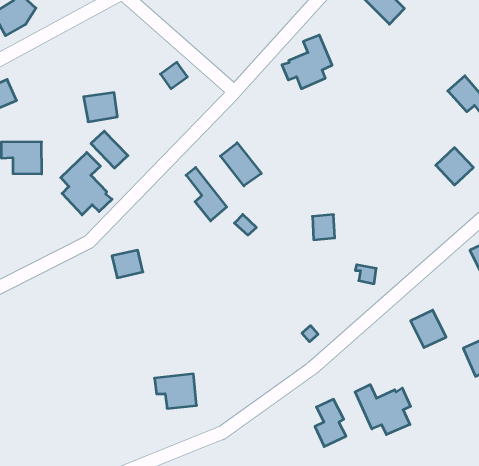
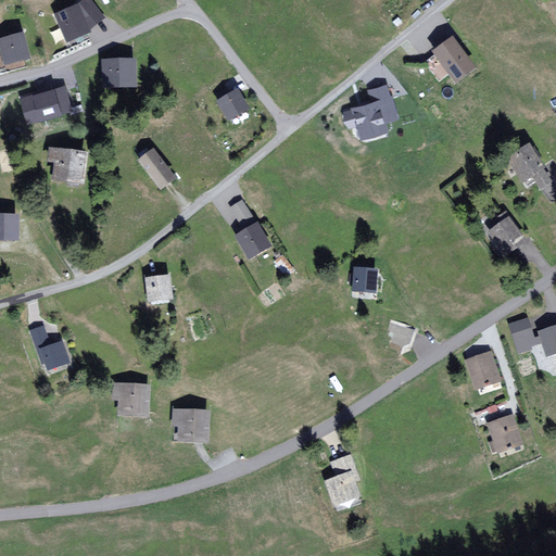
building: [84,93,117,122] -> [102,60,134,86]
building: [220,143,261,186] -> none
building: [61,152,112,215] -> none
building: [411,310,446,348] -> [466,351,500,388]
building: none -> [29,325,68,371]
building: none -> [111,382,149,415]
building: [355,385,411,435] -> none

